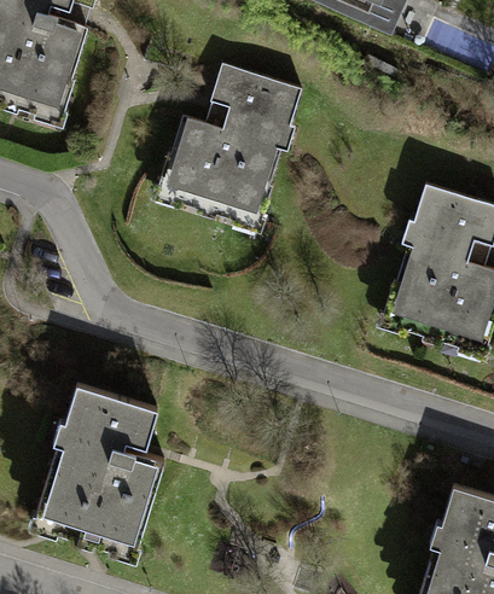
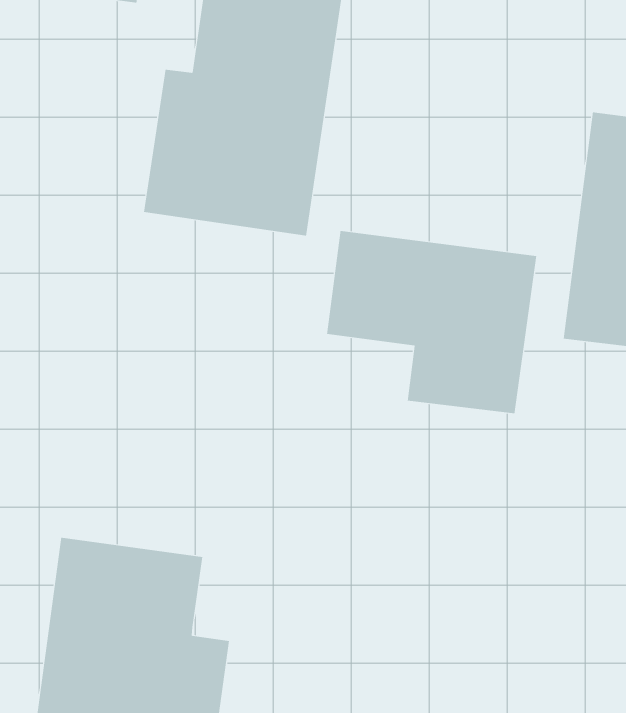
building: none -> [327,230,537,414]

